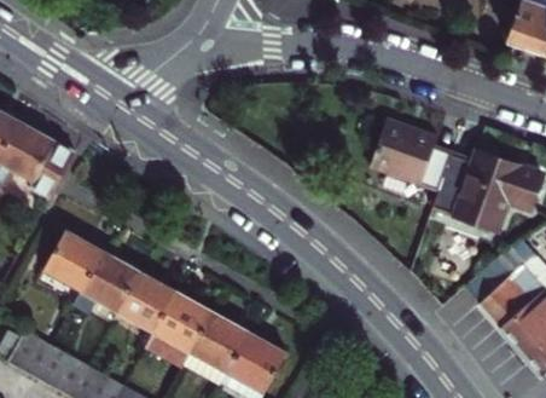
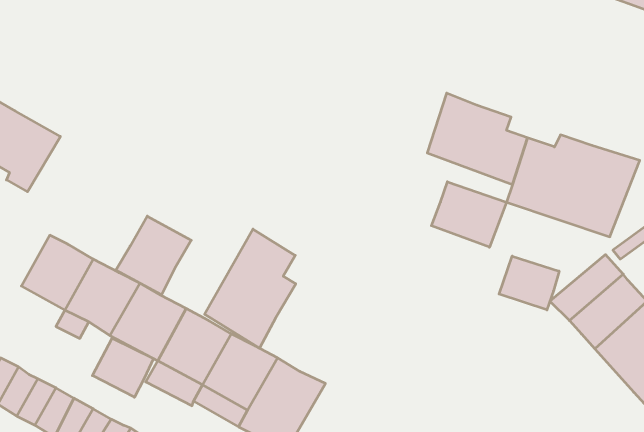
building: none -> [431,182,507,247]
building: none -> [116,216,191,295]
building: none -> [205,229,296,348]
building: none -> [499,256,559,310]
building: none -> [92,338,153,397]

